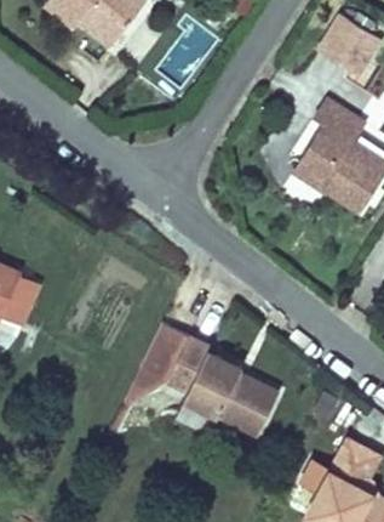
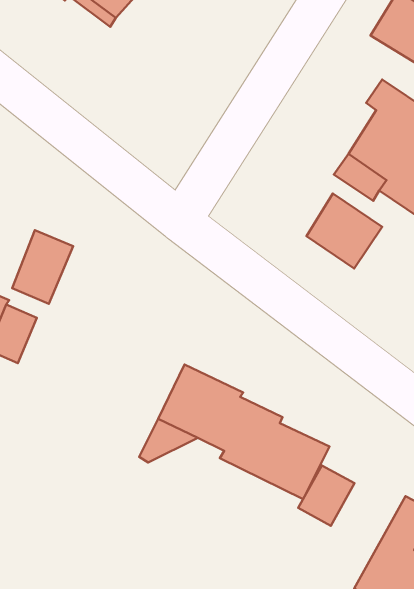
building: none -> [307,194,382,268]
building: none -> [12,230,73,304]
building: none -> [298,465,355,526]

